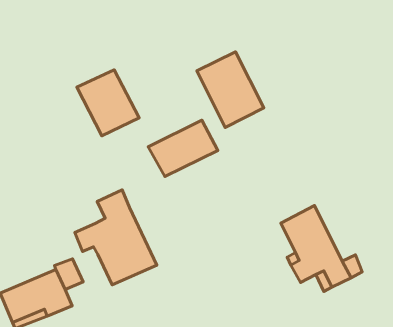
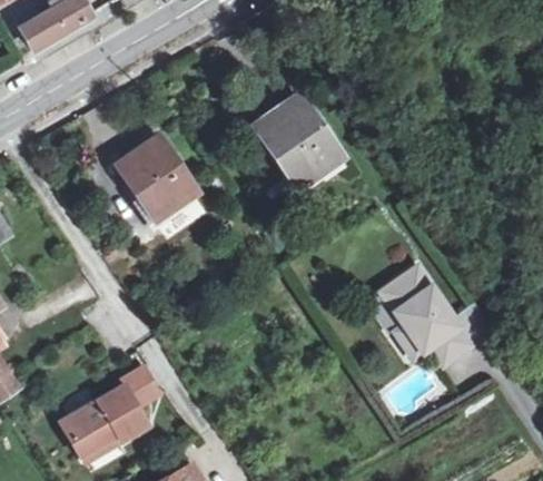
building: [148,120,218,176] -> none
building: [75,190,157,285] -> none

